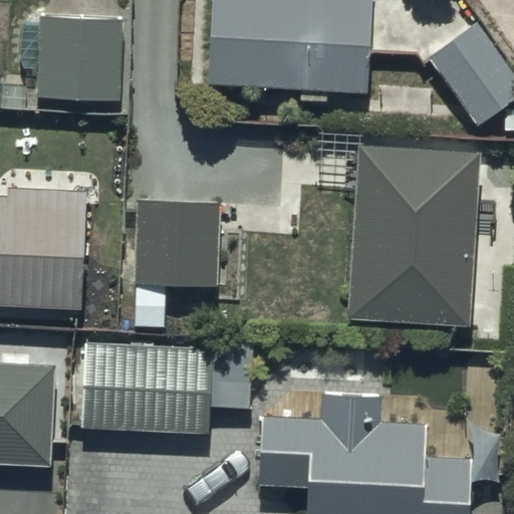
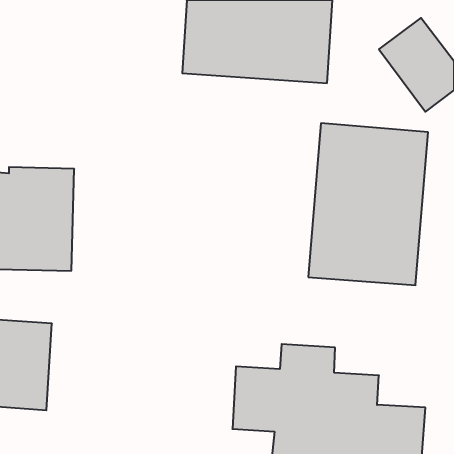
building: [38,18,122,98] -> none
building: [136,199,254,286] -> none
building: [79,338,258,438] -> none

